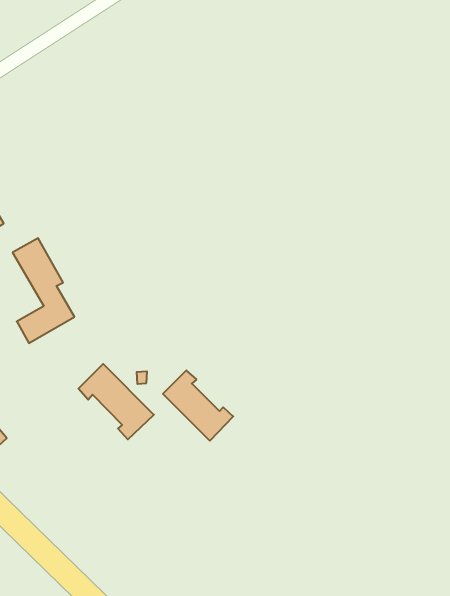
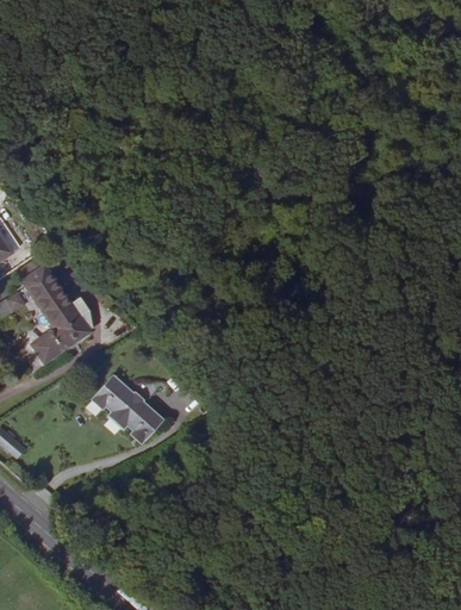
building: [163,370,233,441] -> none

